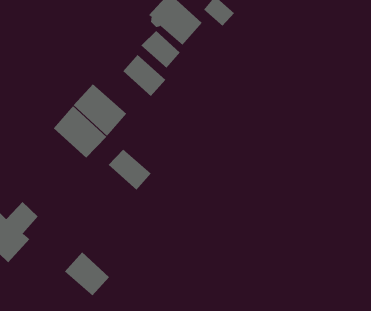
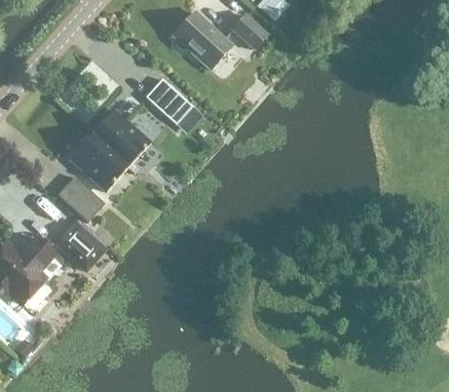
building: [141,30,181,69] -> none
building: [108,149,152,191] -> [57,177,104,222]
building: [64,252,110,296] -> [54,222,104,270]

